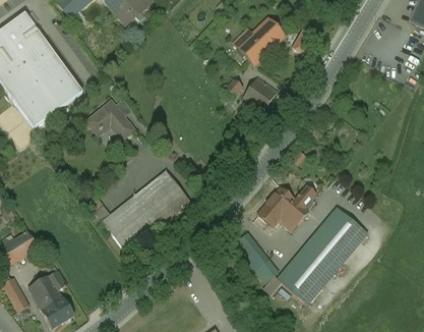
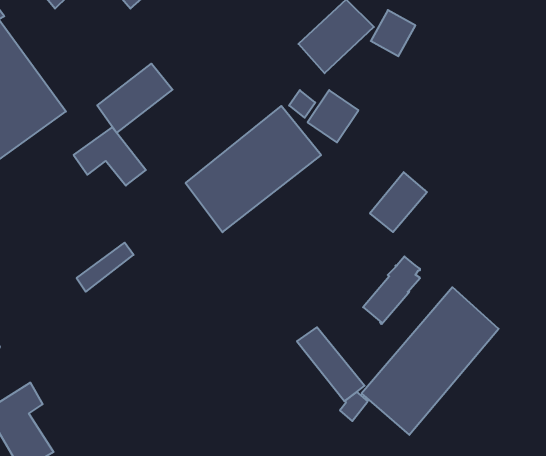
building: none -> [97,64,173,133]
building: [103,170,192,254] -> [186,106,321,232]
building: [258,186,296,226] -> [370,172,427,232]

